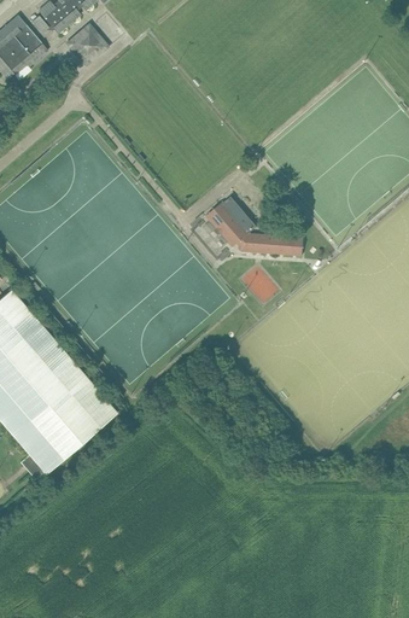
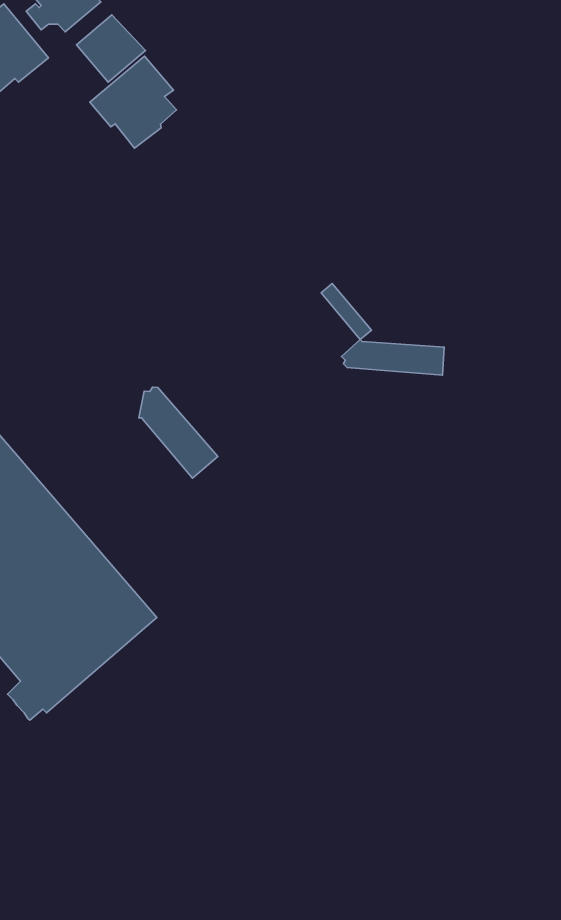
building: none -> [90,56,177,148]
building: [204,200,247,246] -> none
building: none -> [139,387,218,478]

